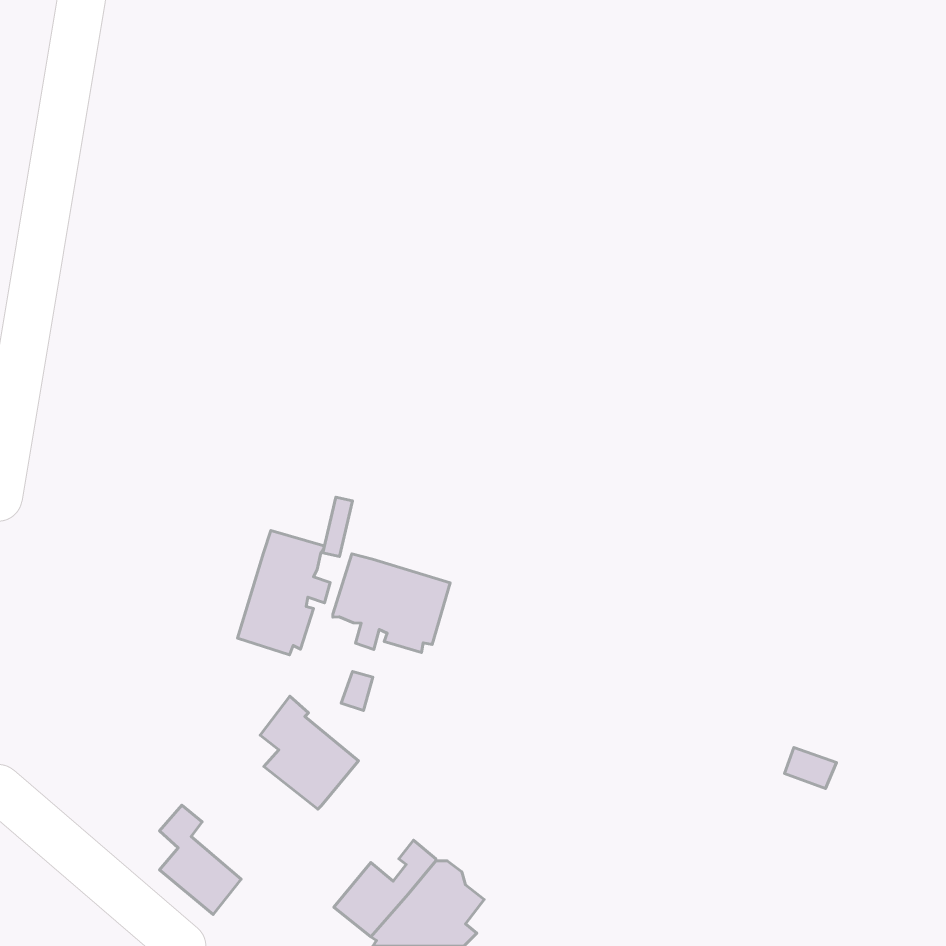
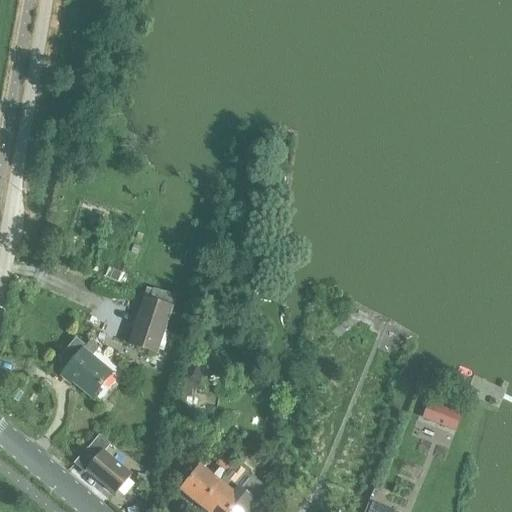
building: [333,554,450,652] -> none
building: [260,696,359,809] -> [59,336,112,397]

